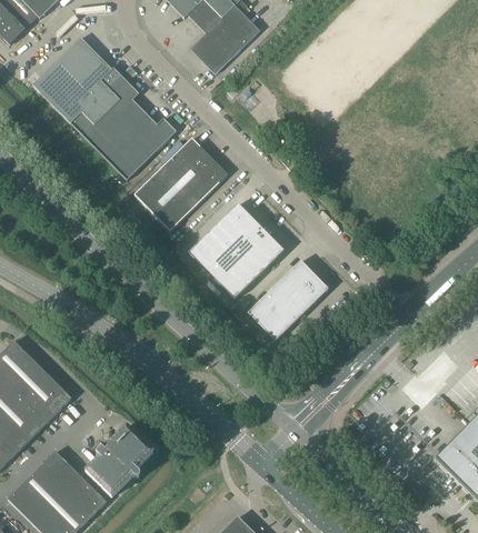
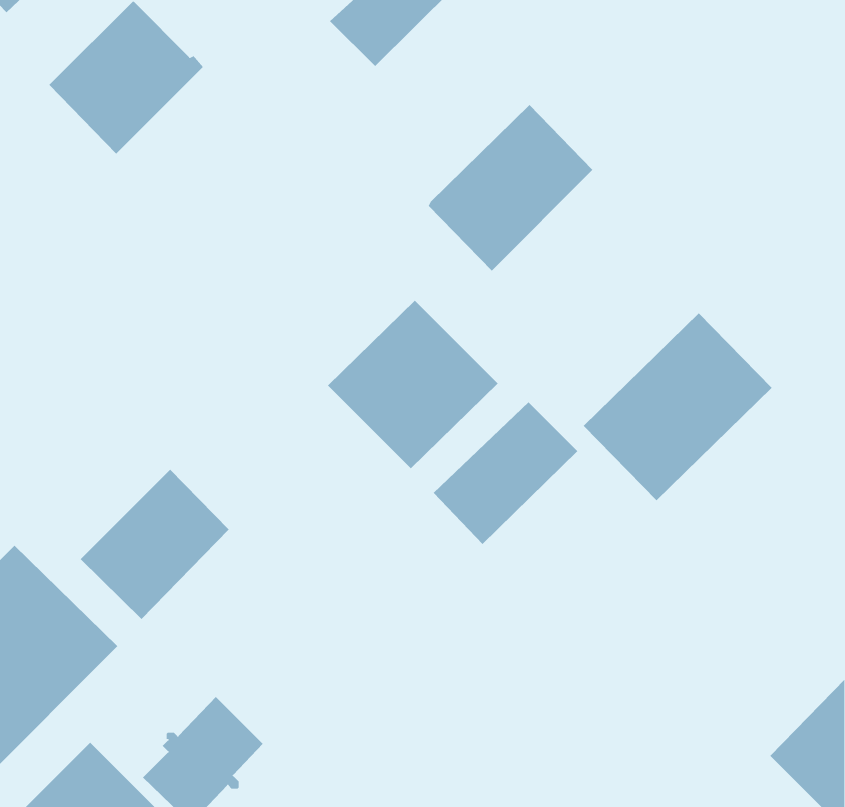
building: [70,74,176,180] -> none
building: [135,138,227,231] -> [428,104,593,271]
building: none -> [583,312,772,501]
building: none -> [80,469,230,620]

